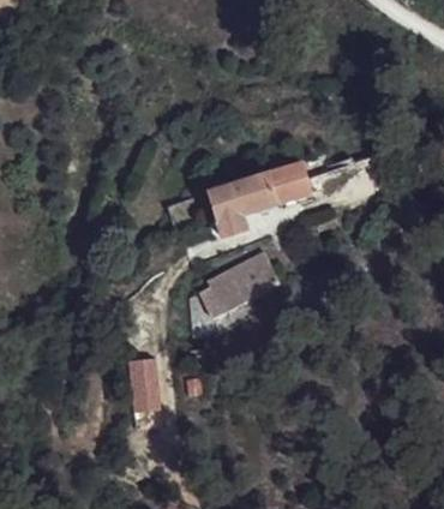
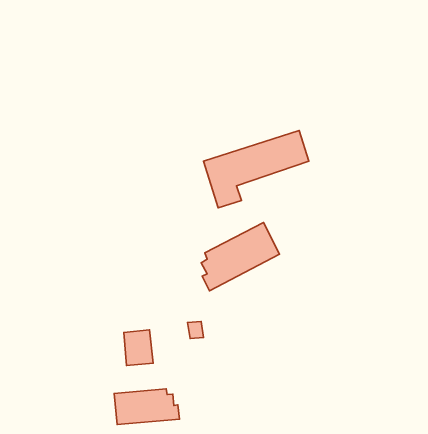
building: none -> [114,389,180,425]

